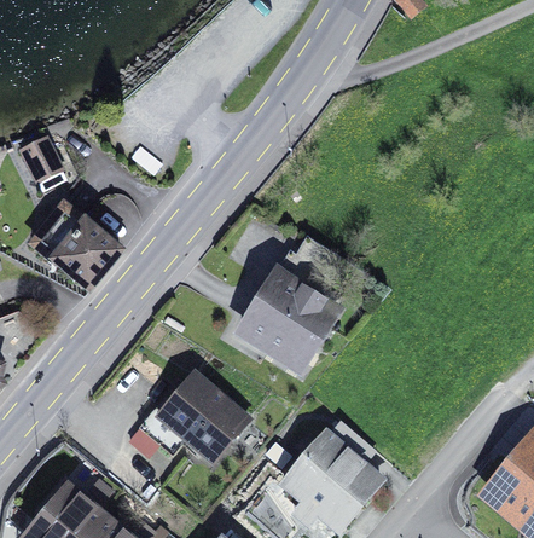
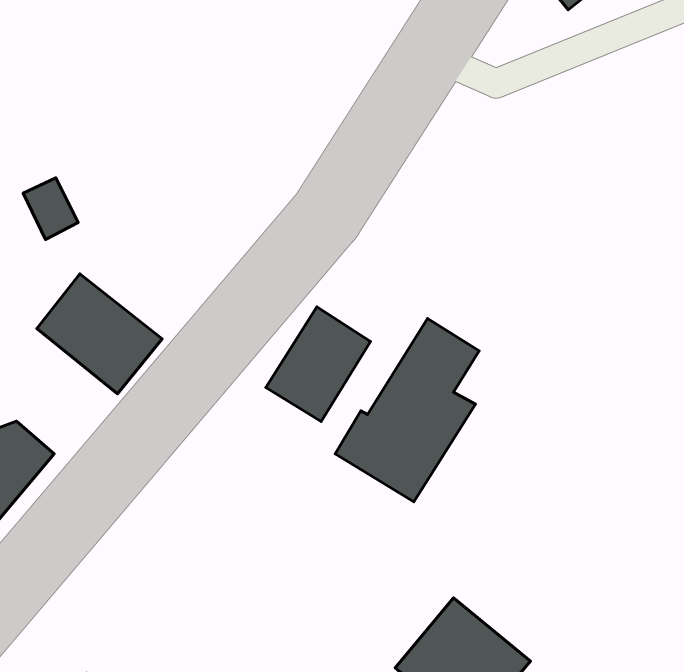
building: none -> [266,307,370,421]
building: [139,375,245,458] -> none

